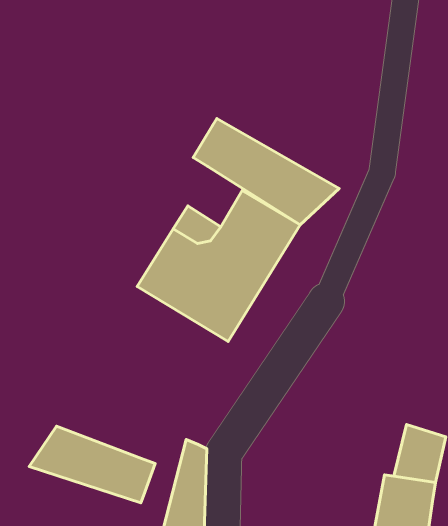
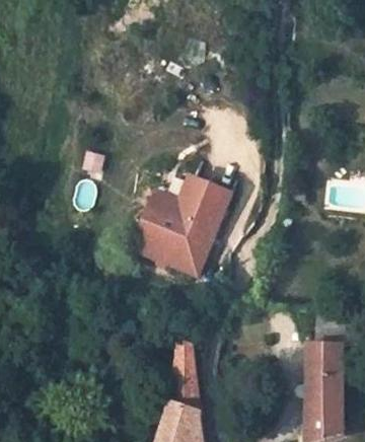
building: [193,118,339,225] -> none
building: [29,426,155,503] -> none

